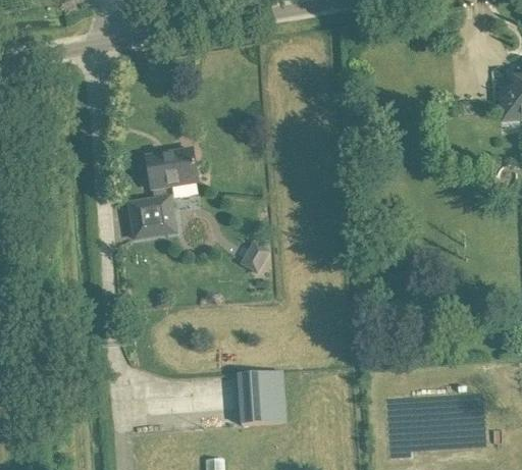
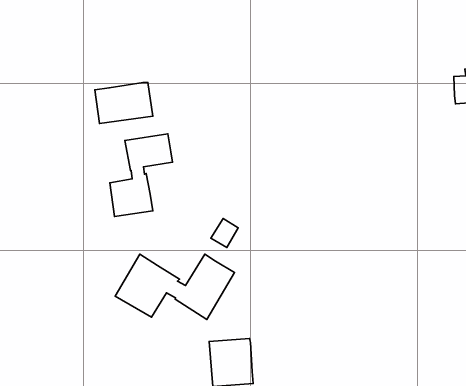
building: none -> [95,83,153,123]
building: none -> [115,254,235,319]

